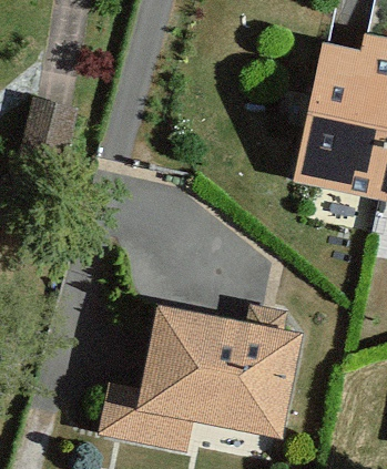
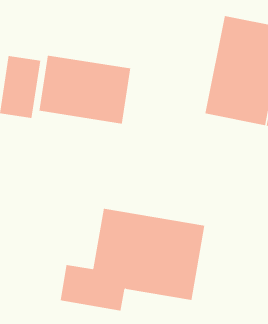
building: none -> [39,55,131,125]

